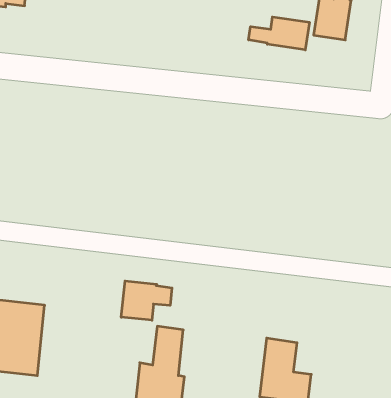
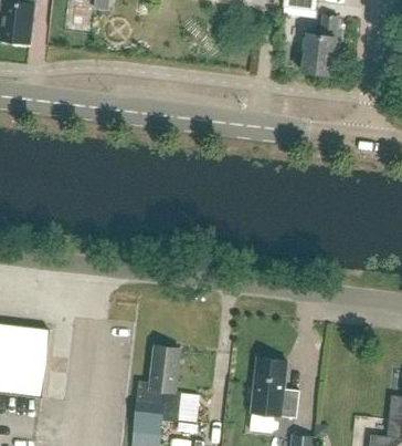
building: [249,17,309,50] -> none
building: [121,281,172,320] -> none

